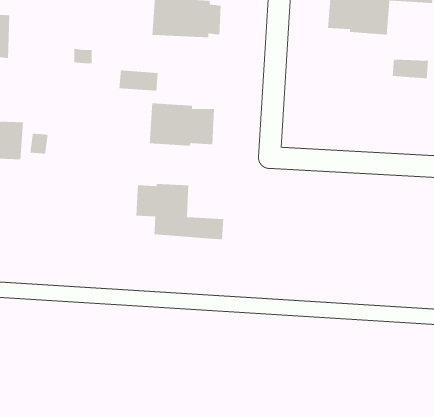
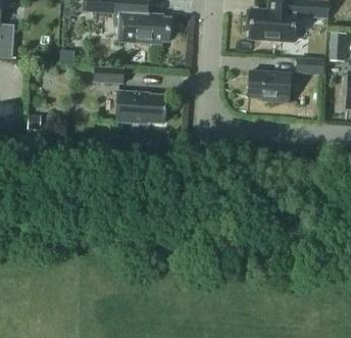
building: none -> [246,70,291,102]
building: [136,183,224,240] -> none

